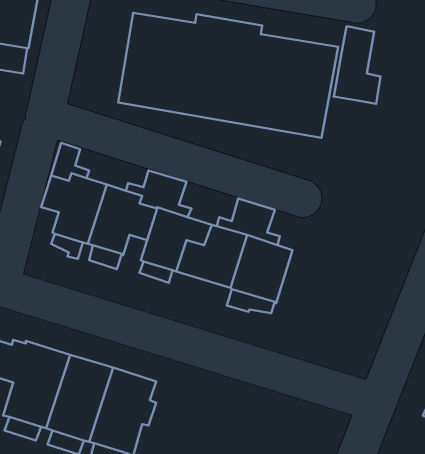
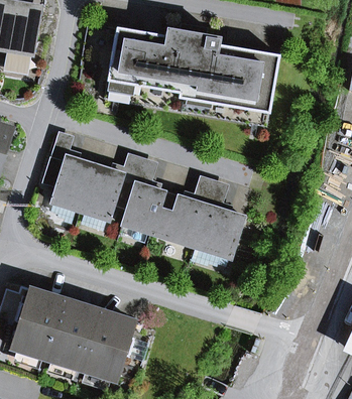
building: [334,26,380,104] -> none

